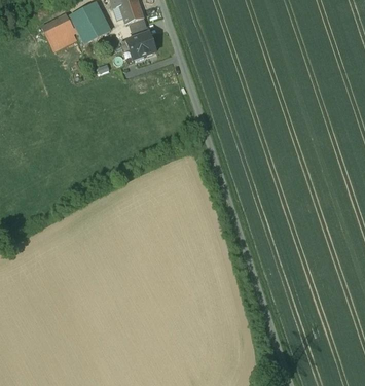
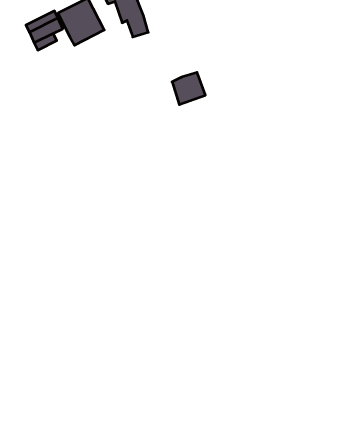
building: [126,32,155,60] -> [172,72,205,105]

